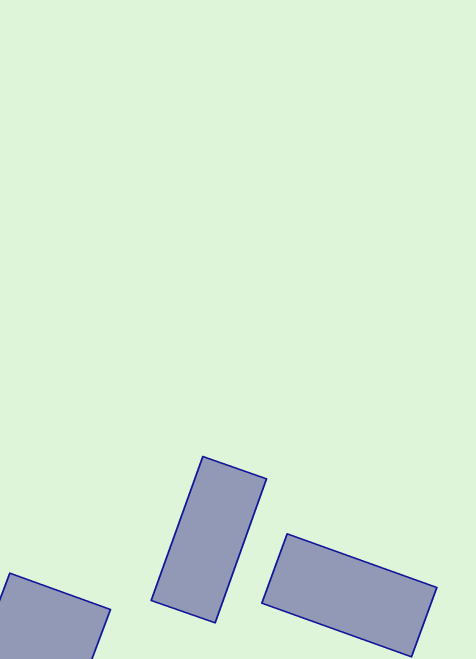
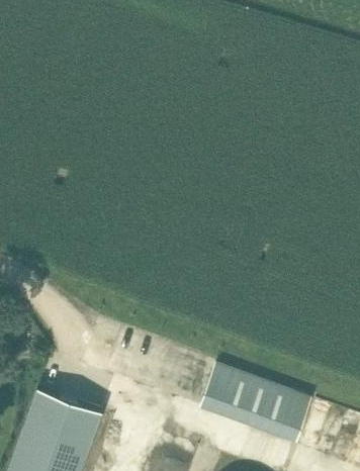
building: [151,456,267,623] -> none

